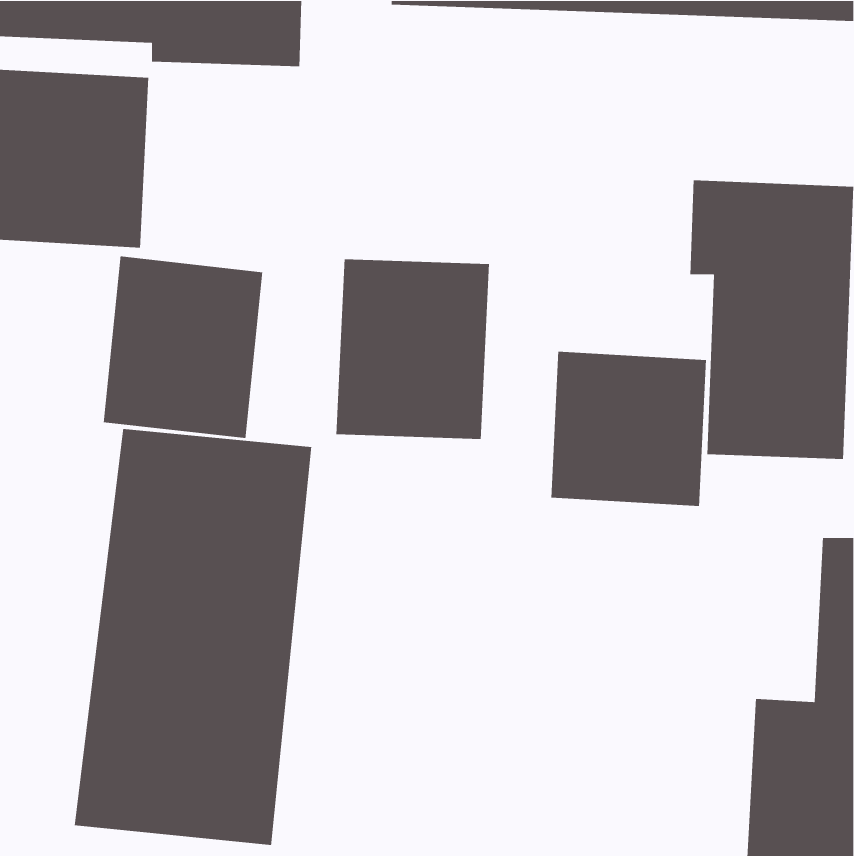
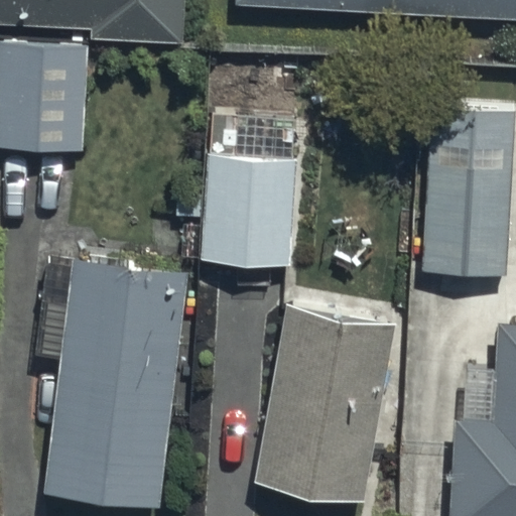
building: [103,256,263,439] -> none
building: [550,351,707,507] -> none
building: none -> [252,304,397,504]

